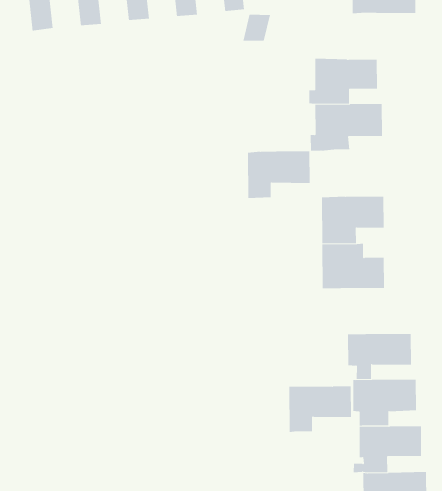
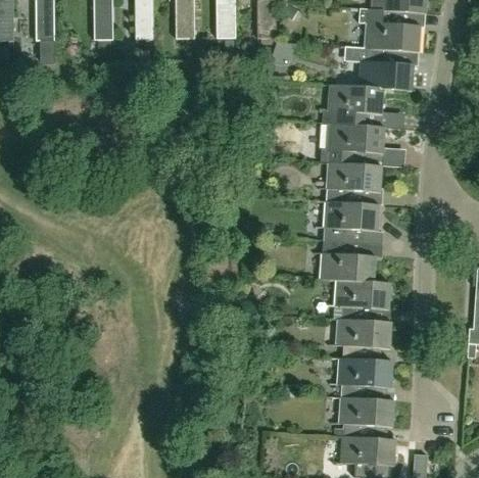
building: none -> [357,48,414,90]
building: [247,151,310,198] -> [326,161,382,201]
building: [289,386,352,432] -> [333,279,389,319]

